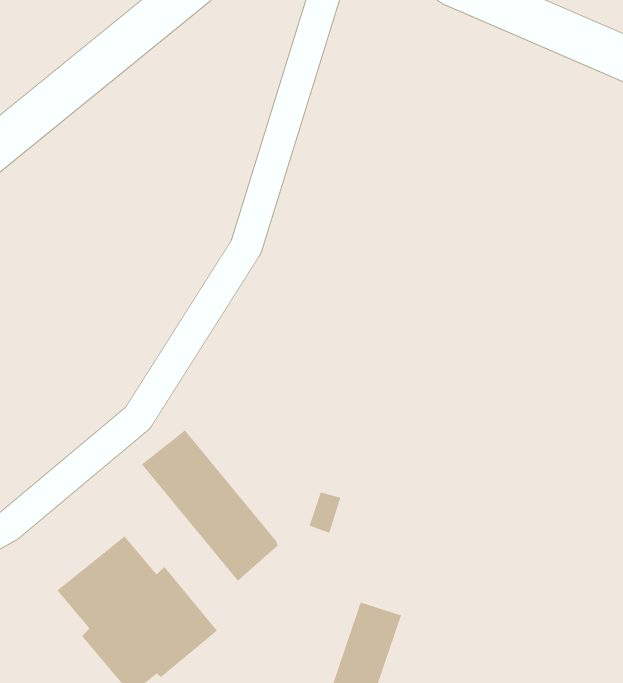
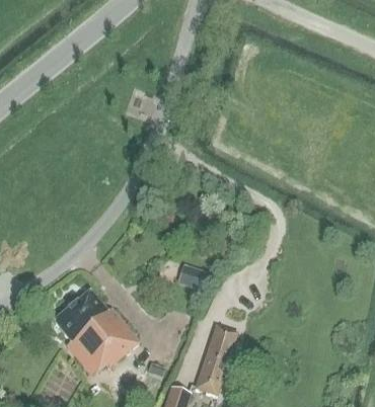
building: [141,429,278,582] -> none

